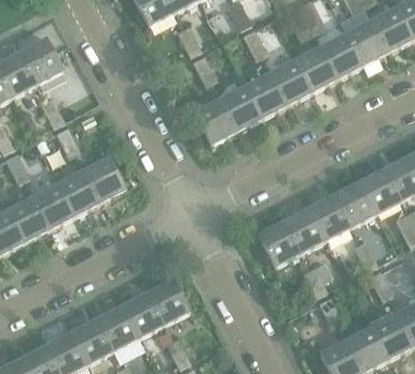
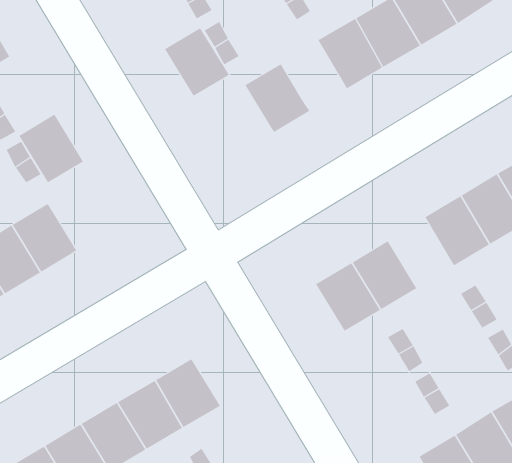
building: [244,71,286,118] -> none
building: [193,98,236,144] -> [164,27,230,97]
building: [83,156,126,202] -> [19,114,84,183]
building: [308,193,351,240] -> none

